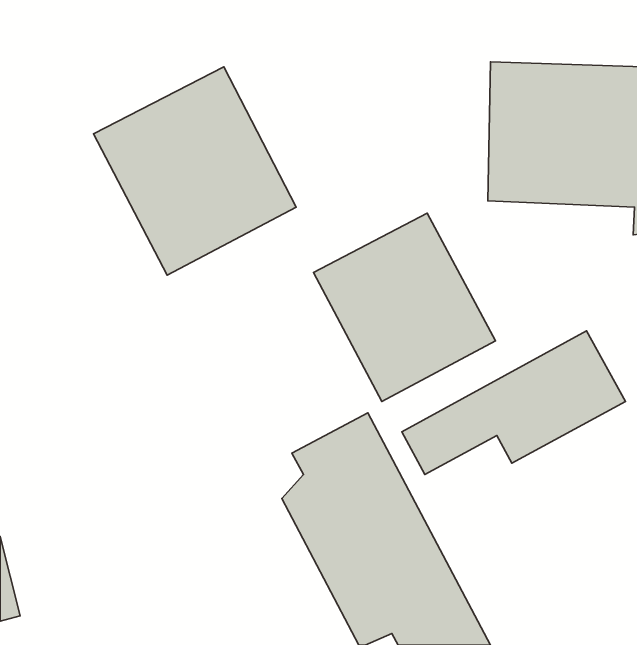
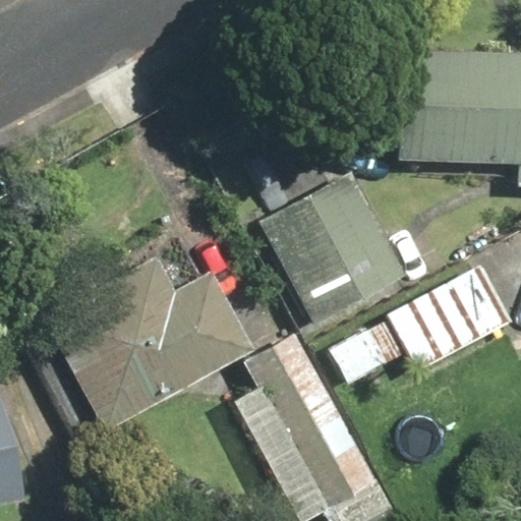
building: [94,67,296,275] -> none
building: none -> [54,257,252,427]

